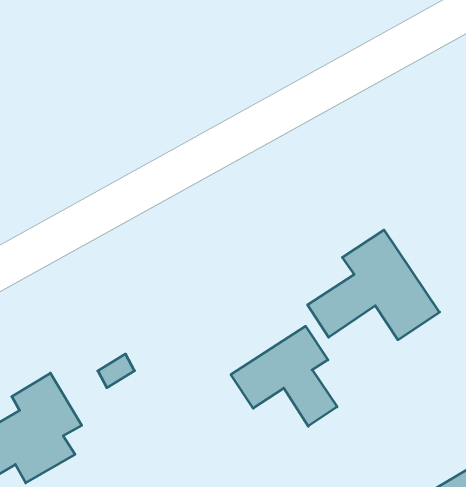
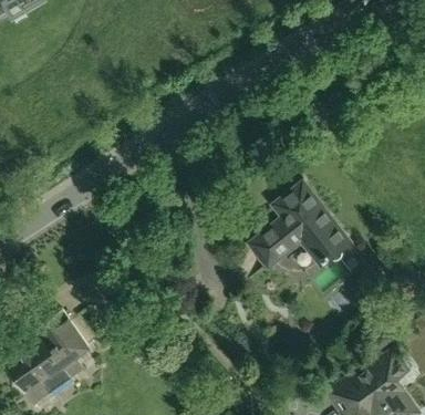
building: [231,326,337,426] -> none

